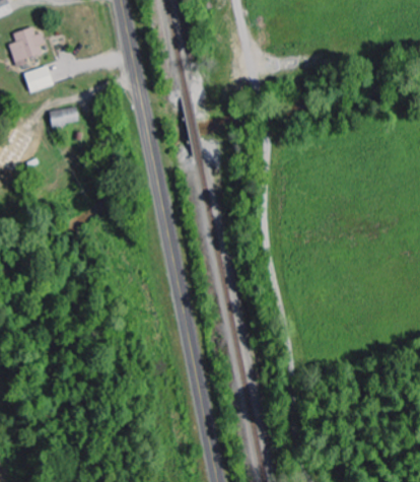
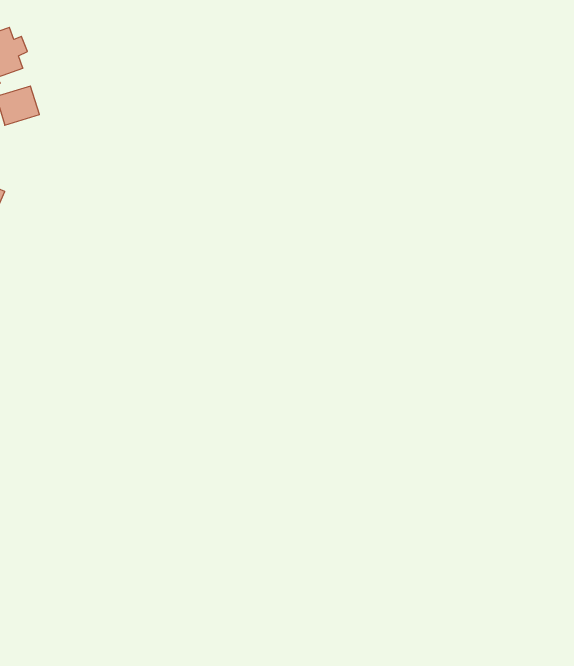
building: [50,108,79,126] -> none

